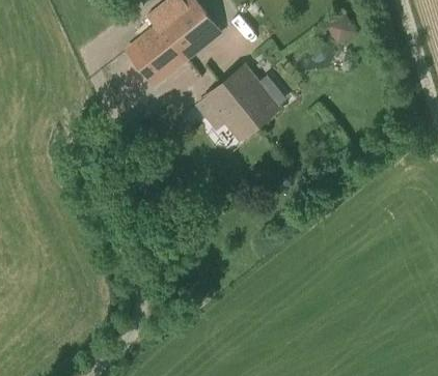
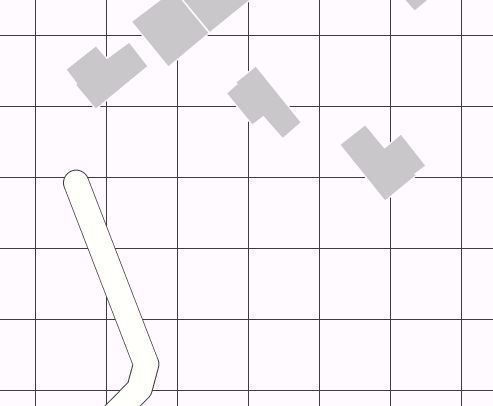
building: none -> [66,42,148,110]
building: [220,68,285,126] -> [339,124,426,201]

